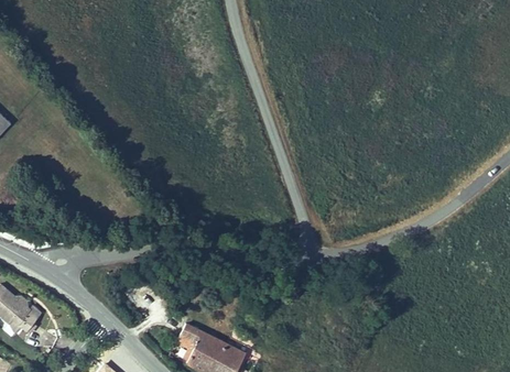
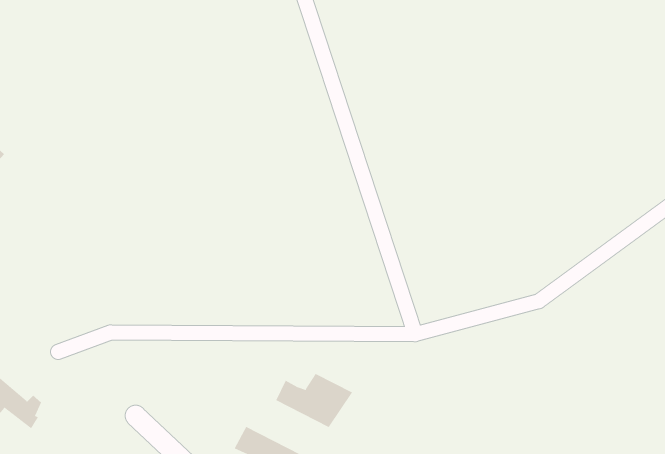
building: none -> [275,373,353,428]

